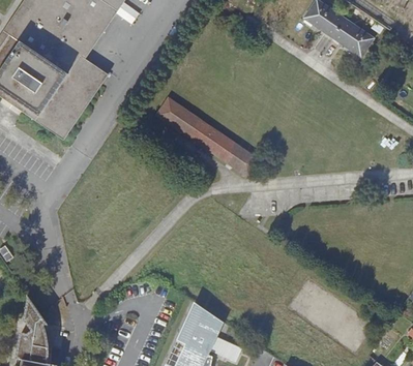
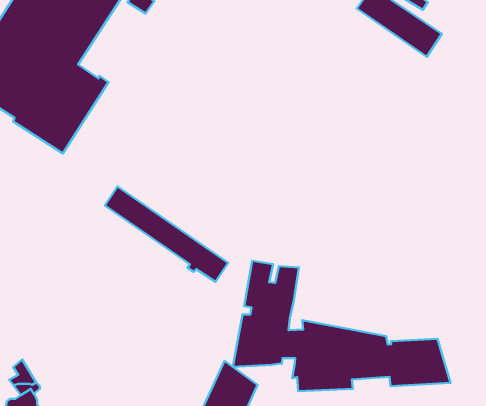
building: [159,98,260,176] -> [105,187,228,282]
building: none -> [233,261,451,391]

